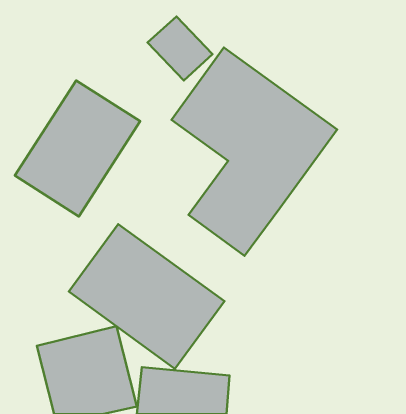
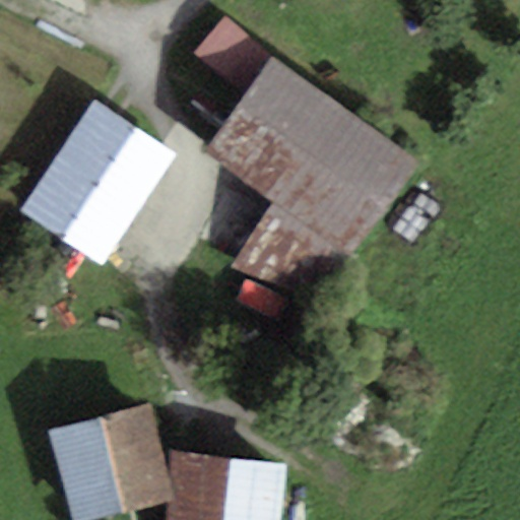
building: [69,224,224,369] -> none

